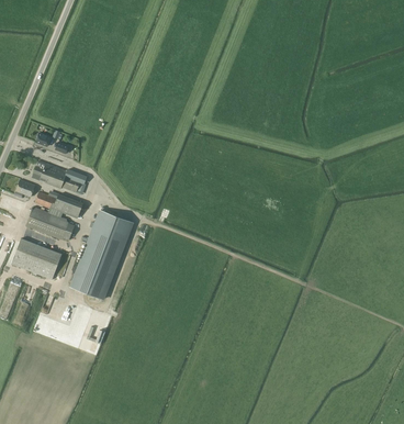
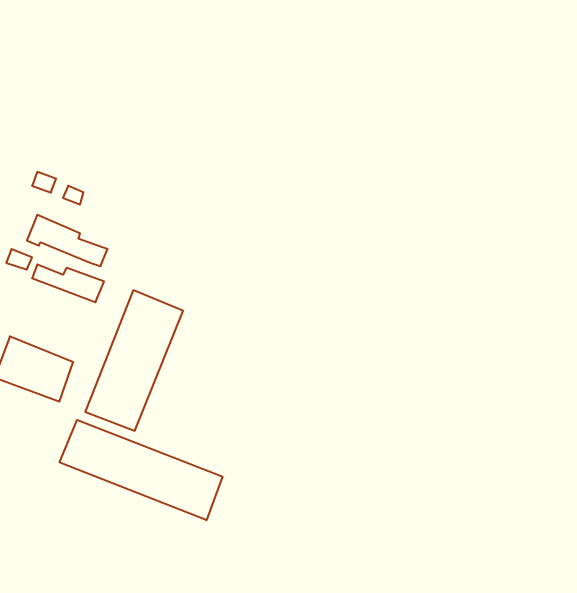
building: [26,208,76,242] -> none
building: none -> [60,420,223,520]

